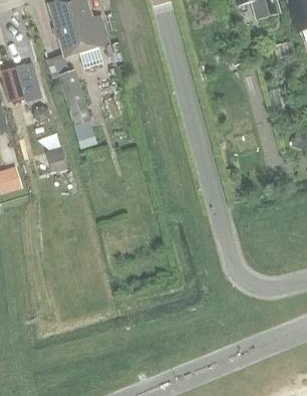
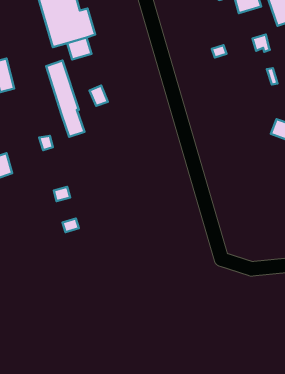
building: [15,62,41,100] -> none

